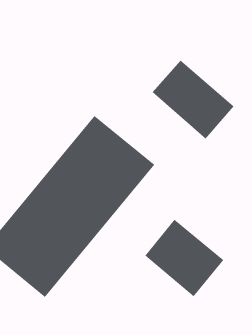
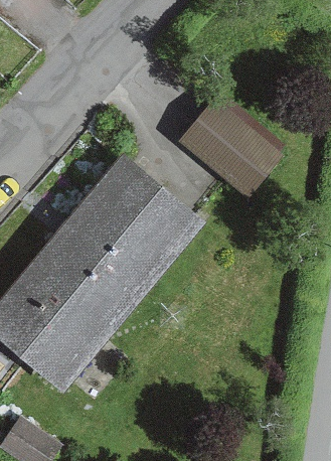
building: [144,219,224,297] -> none

